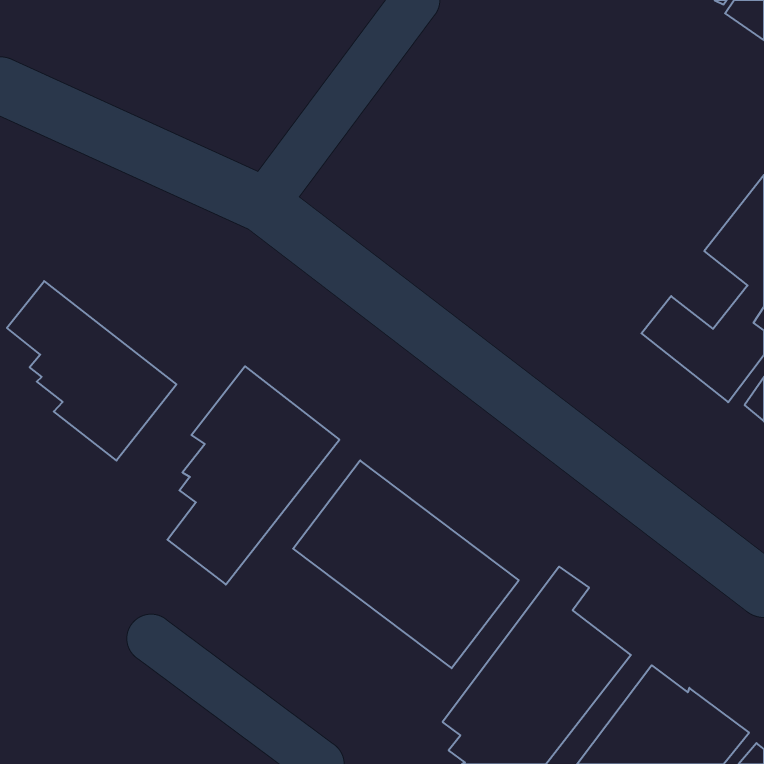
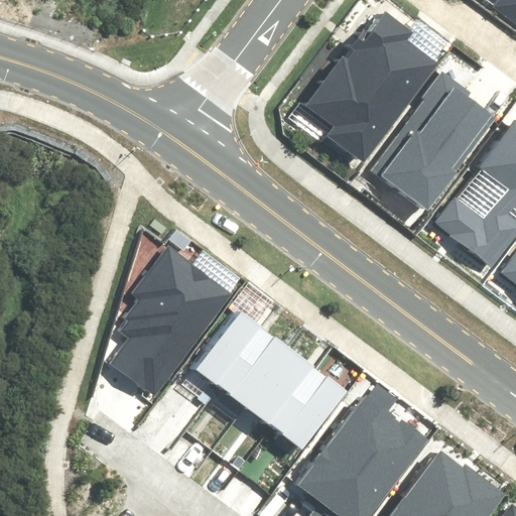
building: none -> [306,12,440,163]
building: none -> [367,71,498,214]
building: [7,281,176,461] -> none

